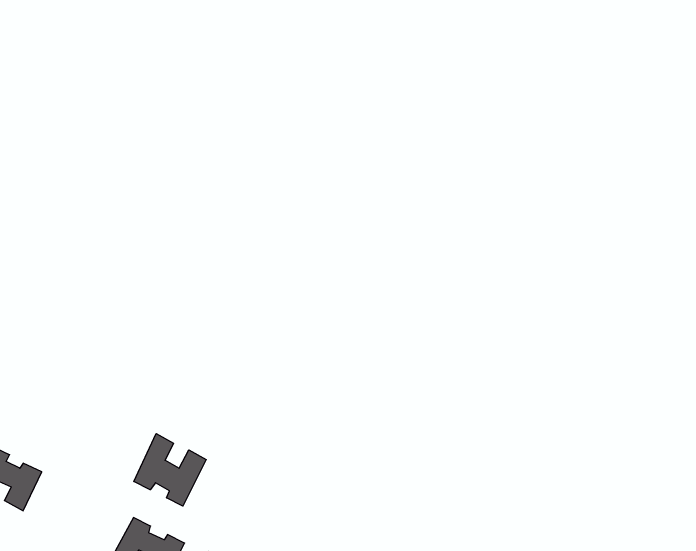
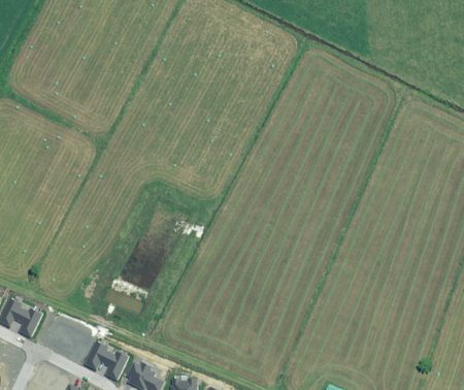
building: [134,434,206,506] -> none

